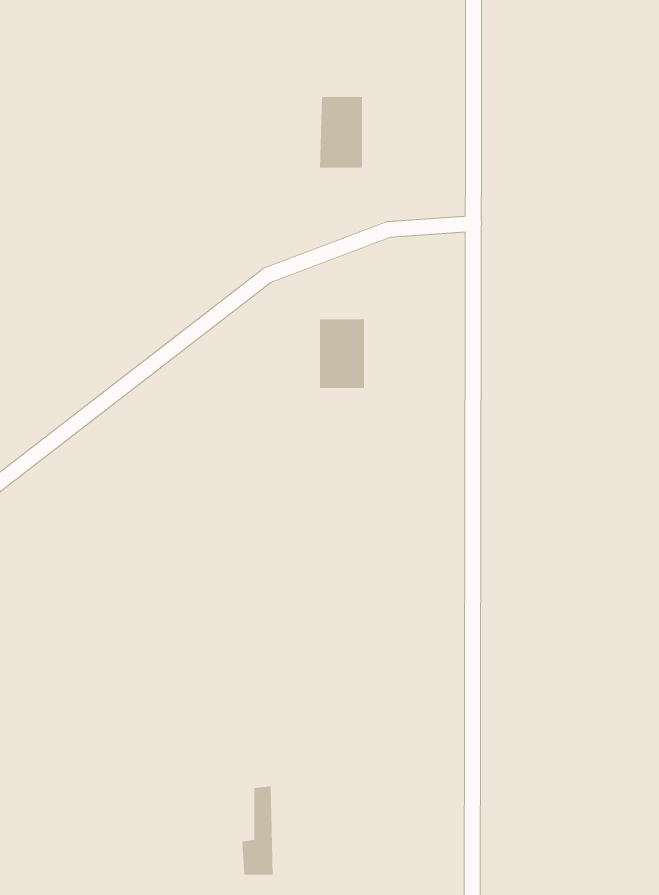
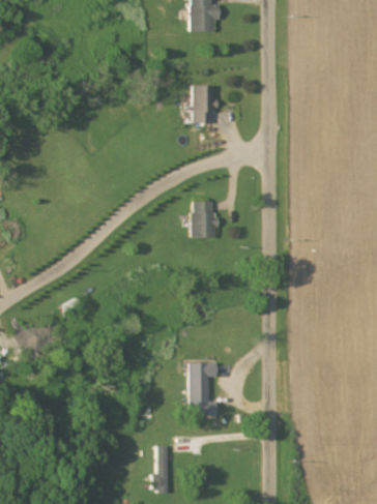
building: none -> [189,361,219,415]

